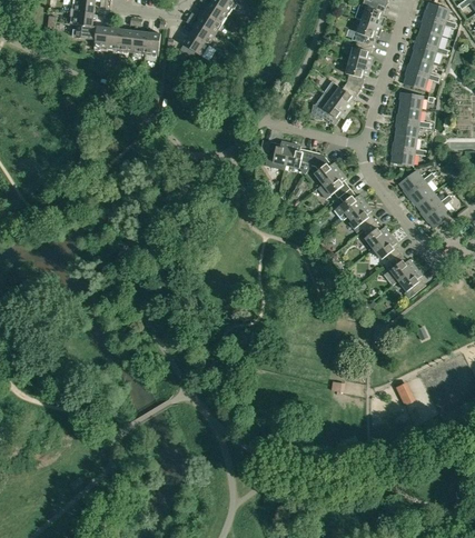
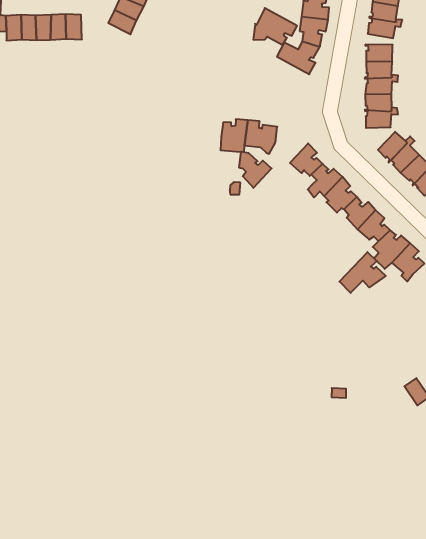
building: [309,91,348,124] -> [253,8,297,45]
building: [311,151,339,183] -> [239,152,272,188]
building: none -> [339,252,386,293]

